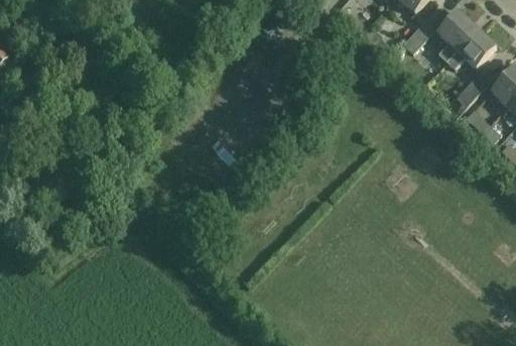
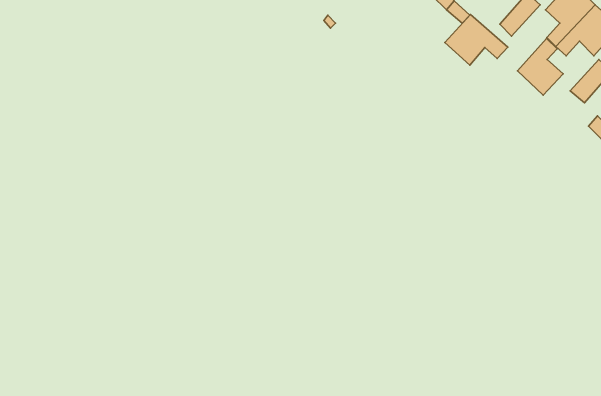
building: none -> [445,15,508,65]
building: none -> [518,39,563,95]

